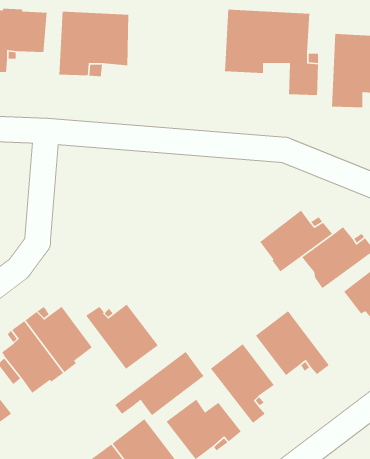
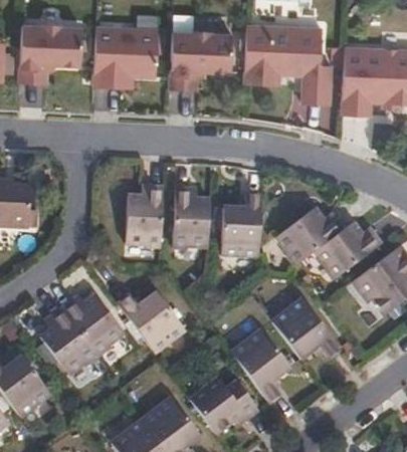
building: none -> [170,30,232,88]
building: none -> [126,186,163,246]
building: none -> [173,188,210,248]
building: none -> [221,194,261,256]
building: [114,351,205,416] -> none

